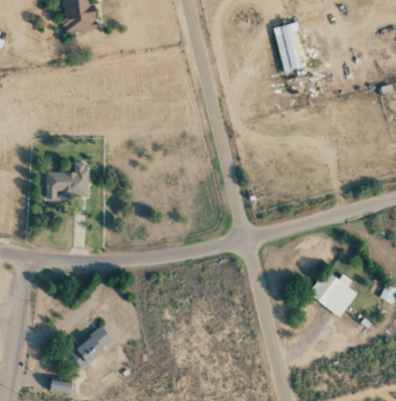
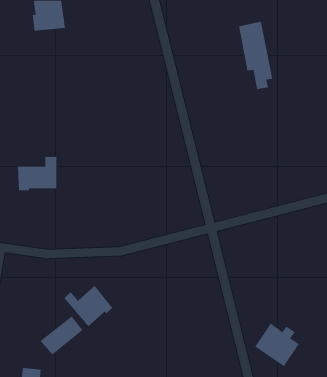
building: [309,270,356,317] -> [254,322,300,367]
building: none -> [63,285,113,327]

